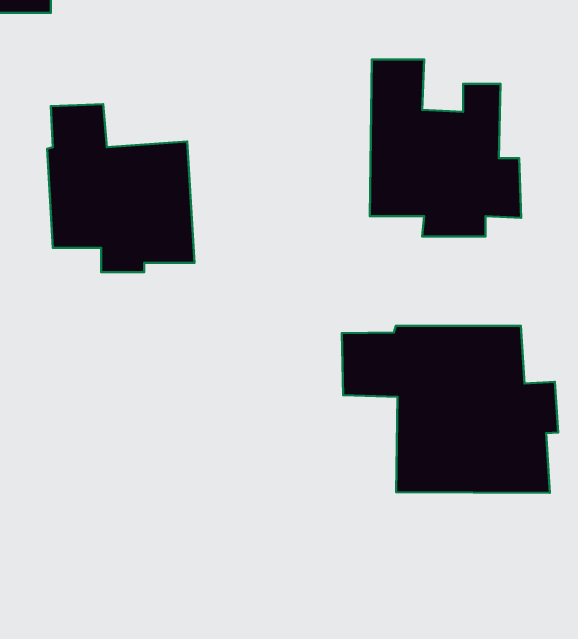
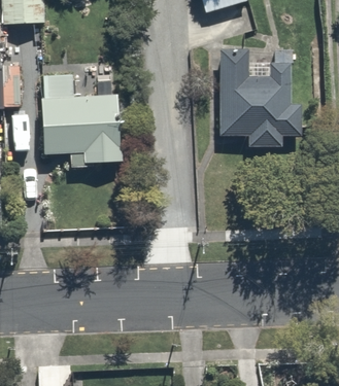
building: [342,326,558,493] -> none

